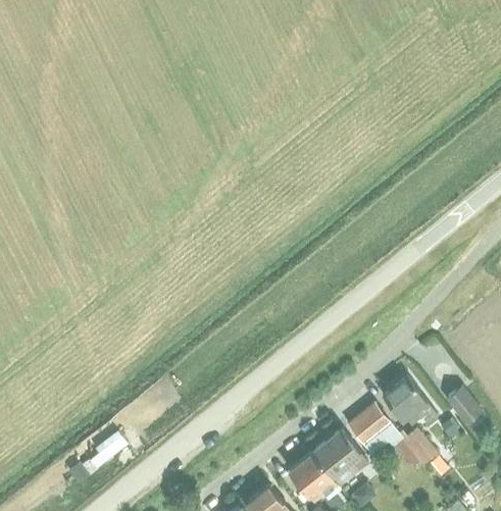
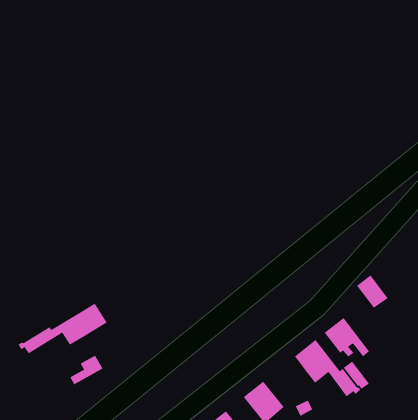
building: none -> [18,303,107,354]
building: [445,387,483,426] -> [356,275,388,308]
building: [314,429,369,482] -> none

